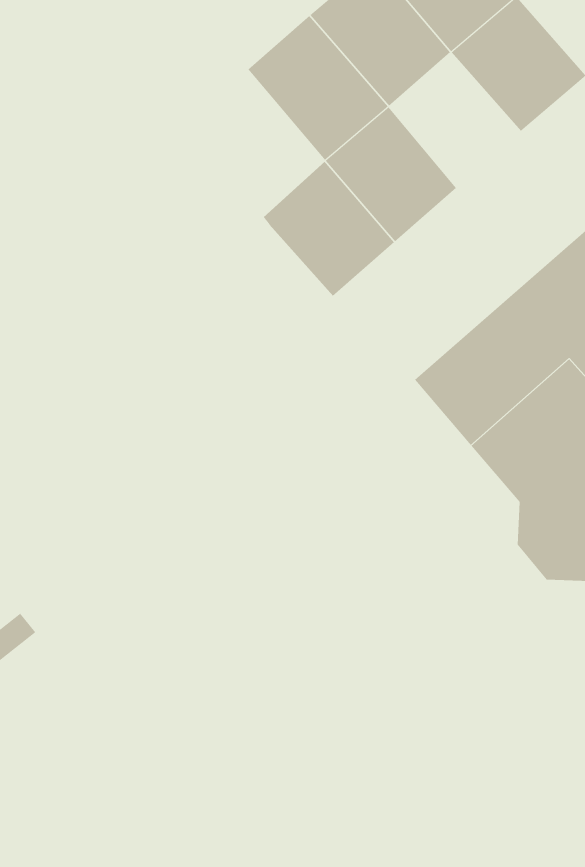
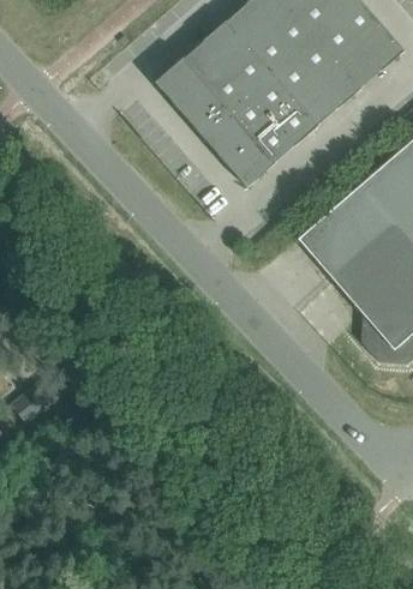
building: none -> [283,35,365,119]
building: none -> [156,46,244,137]

